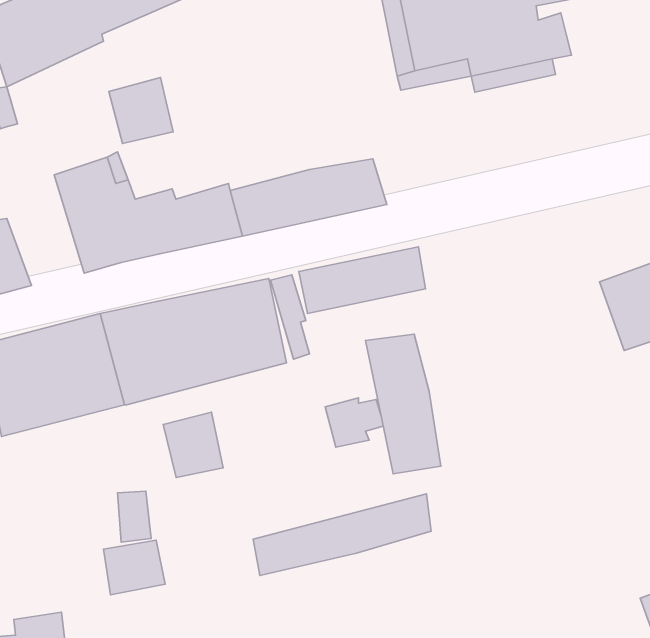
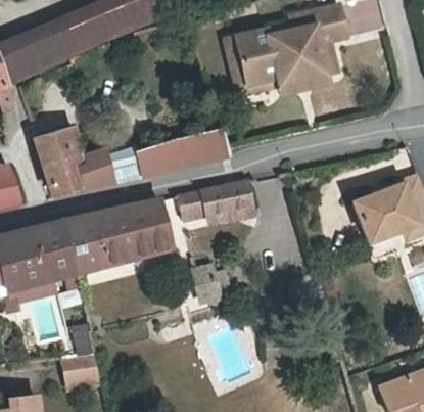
building: [109,78,173,143] -> none
building: [366,334,441,474] -> none
building: [163,412,223,478] -> none
building: [253,494,431,575] -> none

